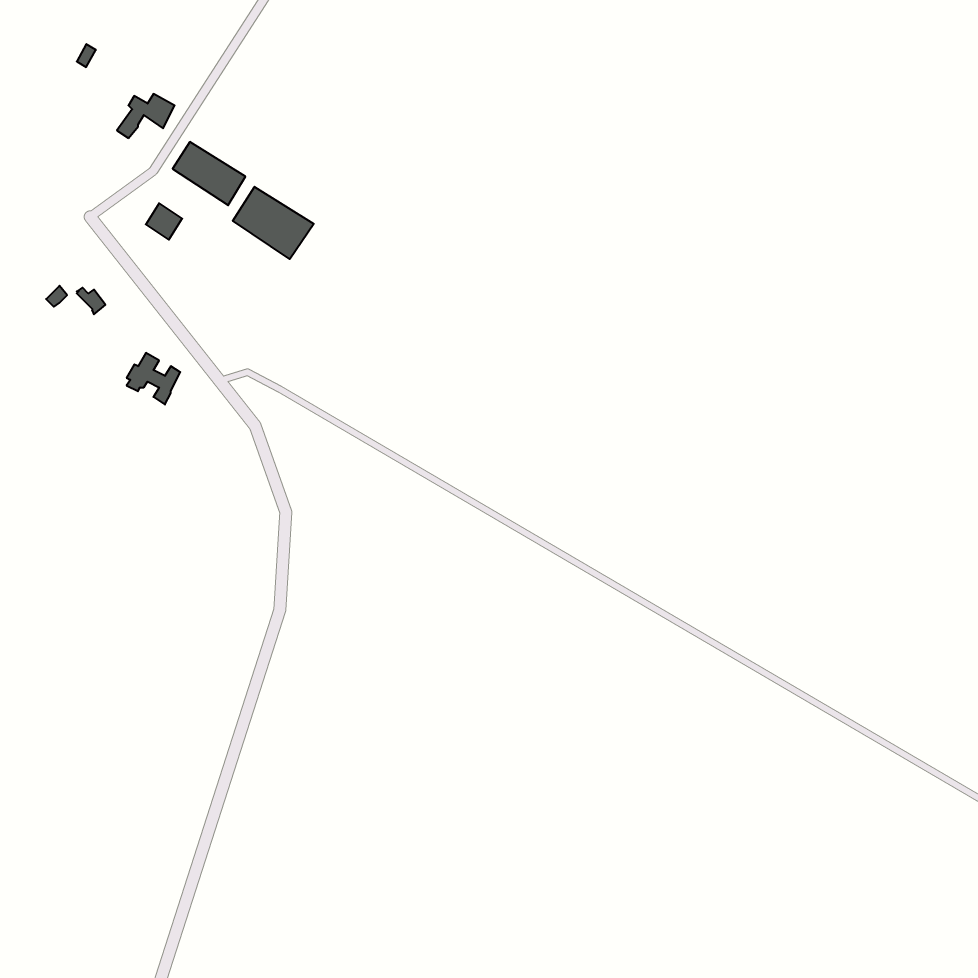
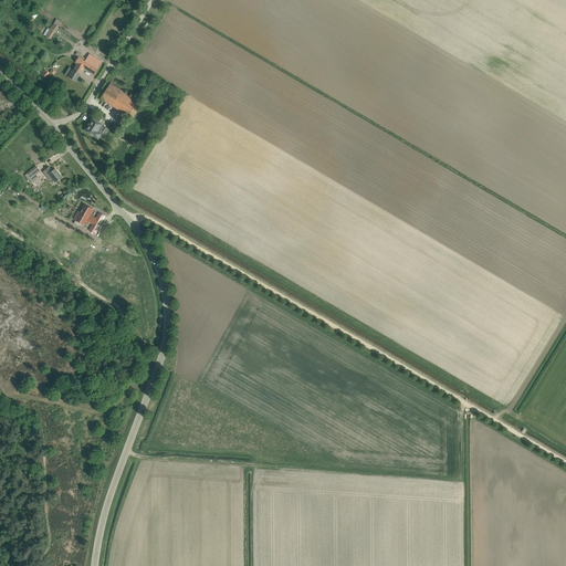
building: [233,187,314,259] -> none

